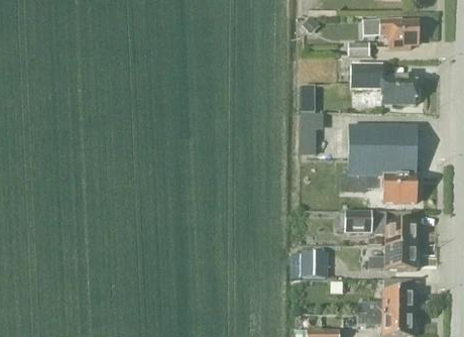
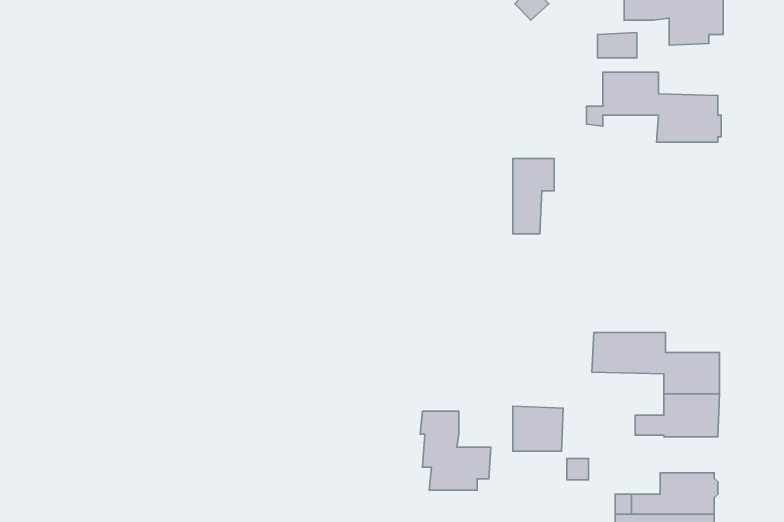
building: [348,125,417,201] -> none
building: none -> [420,411,491,490]

